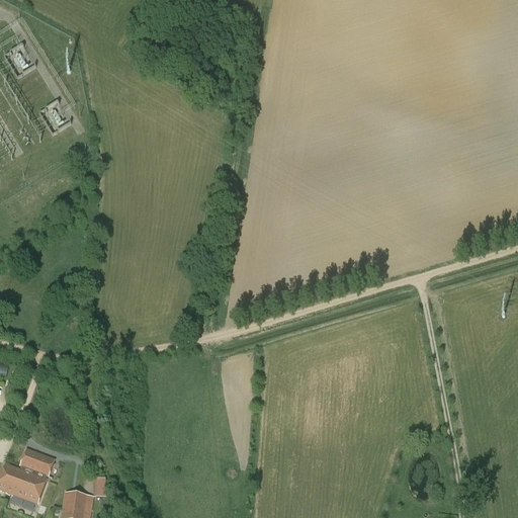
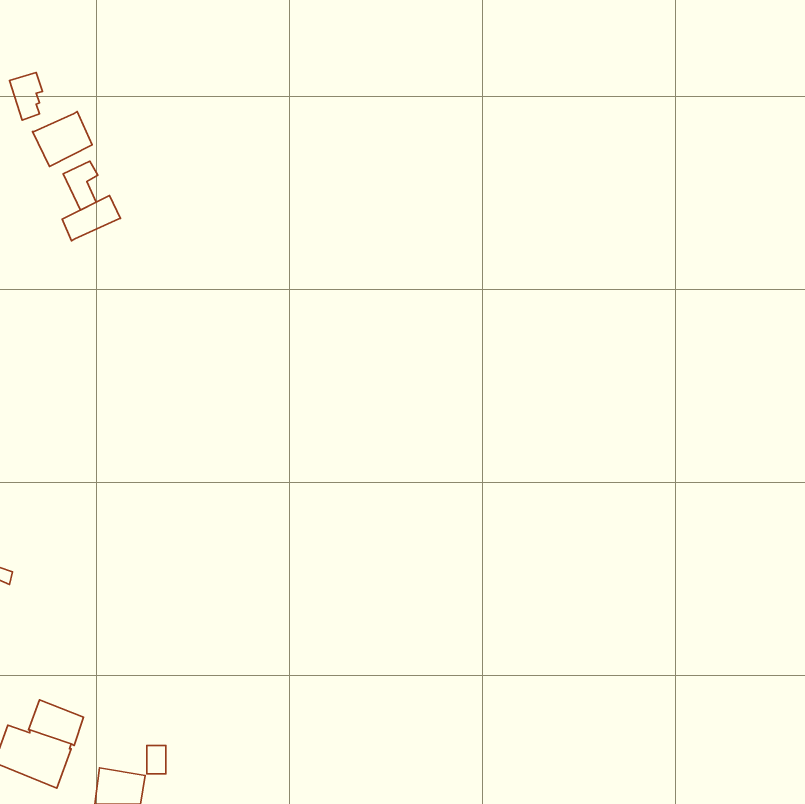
building: none -> [33,111,92,167]
building: none -> [62,196,120,241]

